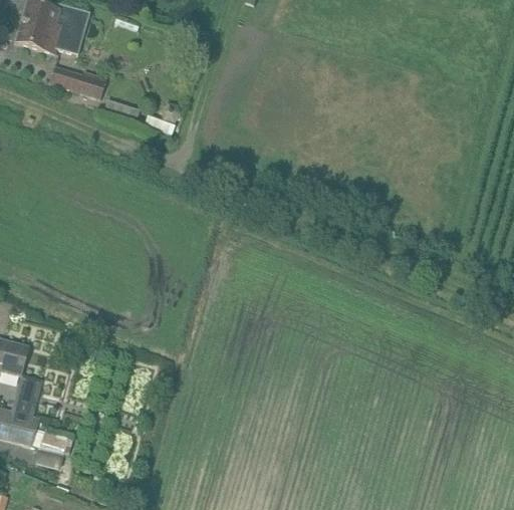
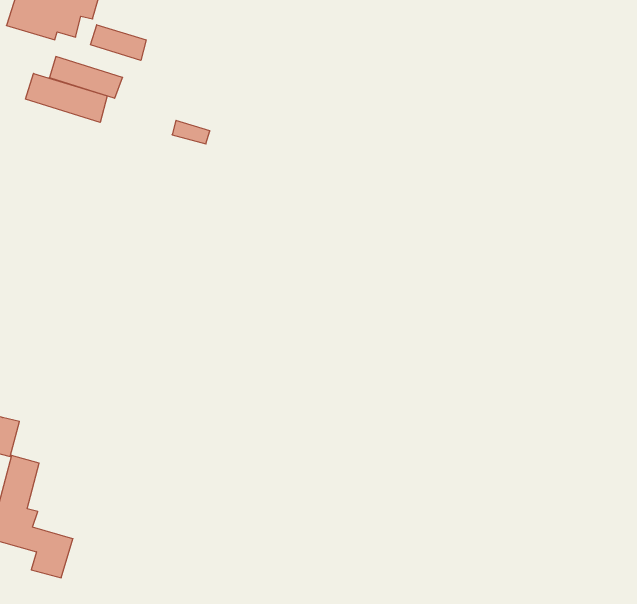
building: none -> [90,25,146,60]
building: none -> [25,73,107,122]

